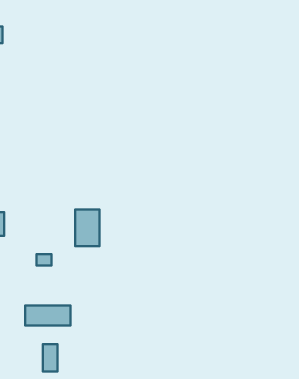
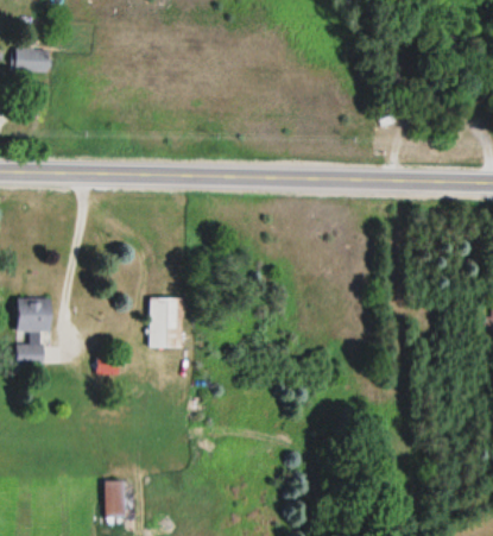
building: [25,305,71,326] -> none

